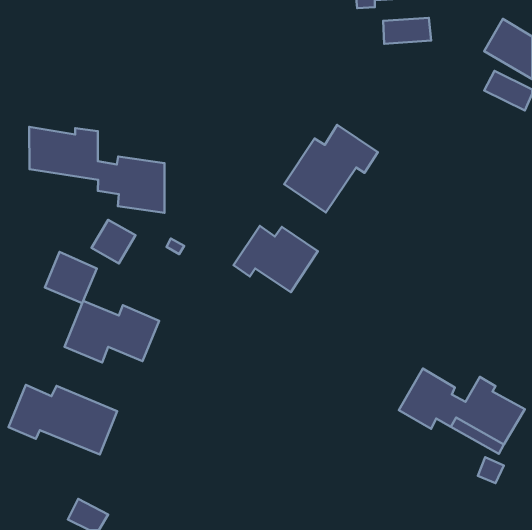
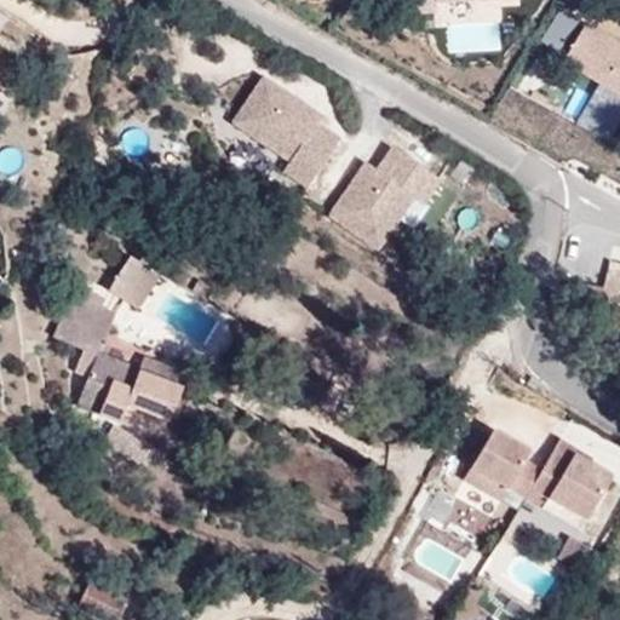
building: none -> [239,75,339,185]
building: [29,127,165,213] -> none
building: [234,226,318,292] -> none
building: [9,385,117,455] -> none

